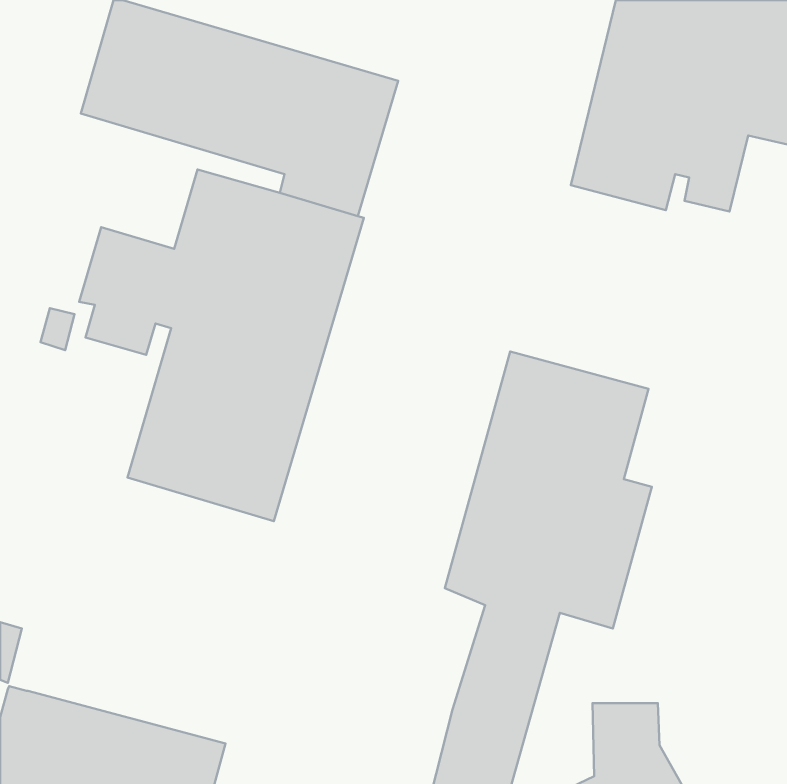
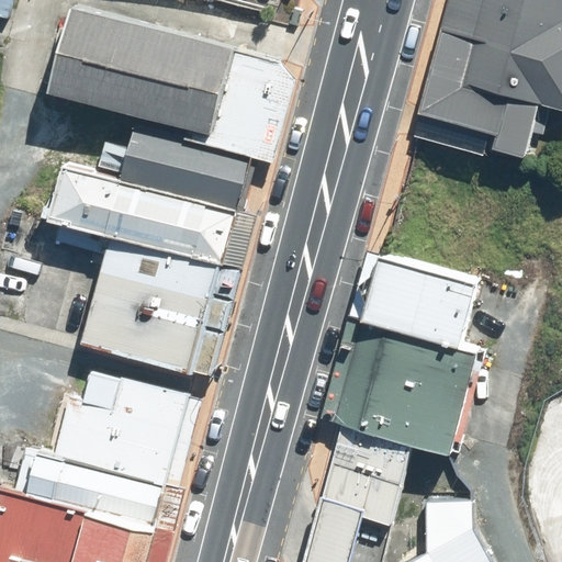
building: none -> [25,376,199,532]

